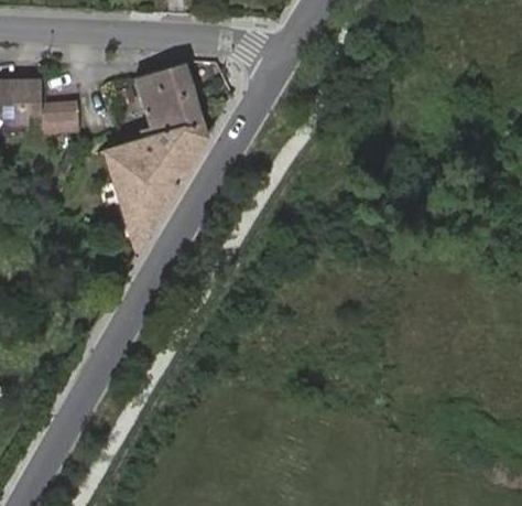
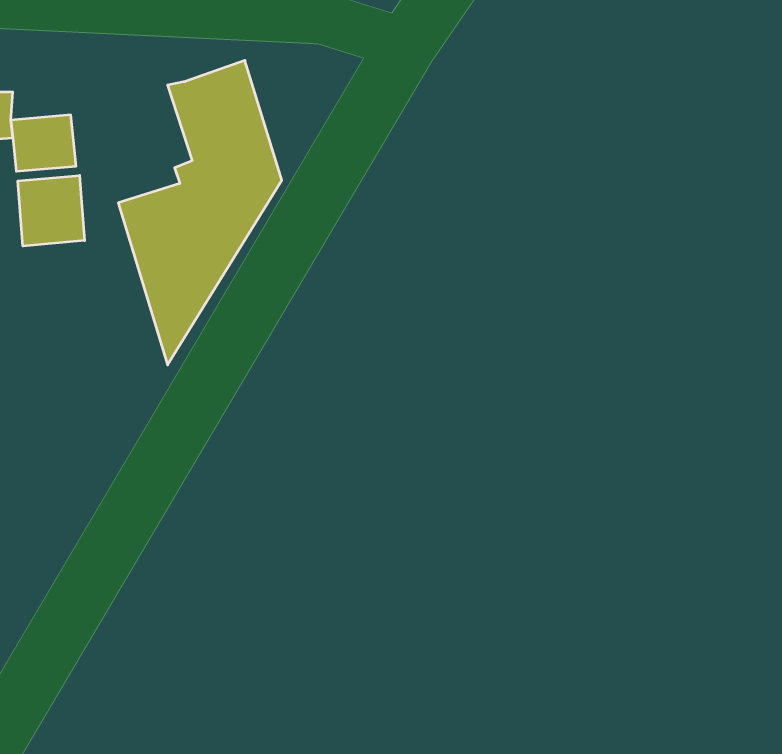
building: none -> [18,175,85,246]

